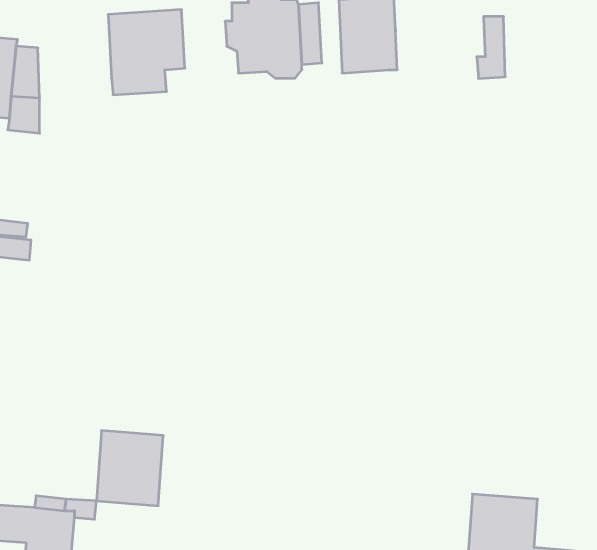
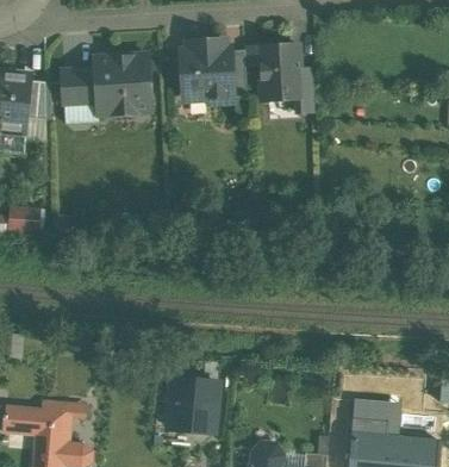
building: [477,17,505,78] -> [295,68,316,112]
building: none -> [63,69,98,104]
building: [96,431,163,506] -> [170,379,218,432]

